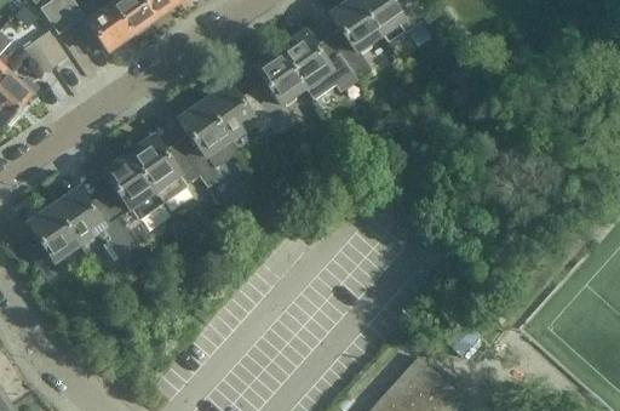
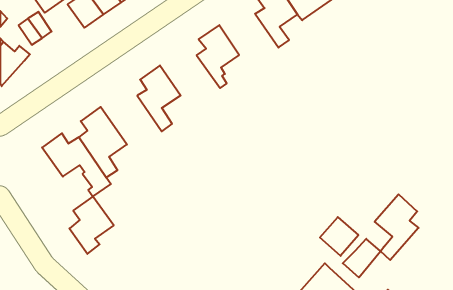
building: [282,32,358,90] -> none
building: [206,82,283,139] -> none
building: [130,136,208,202] -> none
building: [24,206,81,280] -> [69,196,114,254]
building: none -> [375,194,419,260]
building: none -> [320,217,358,256]

